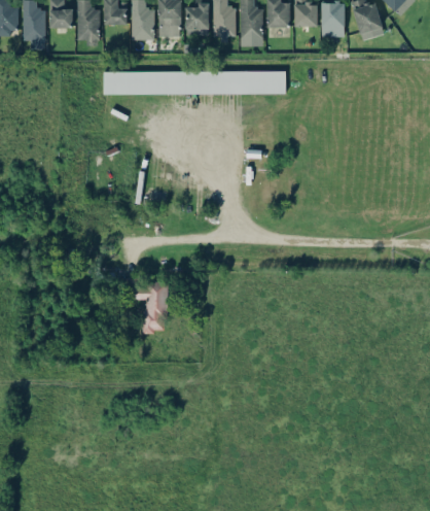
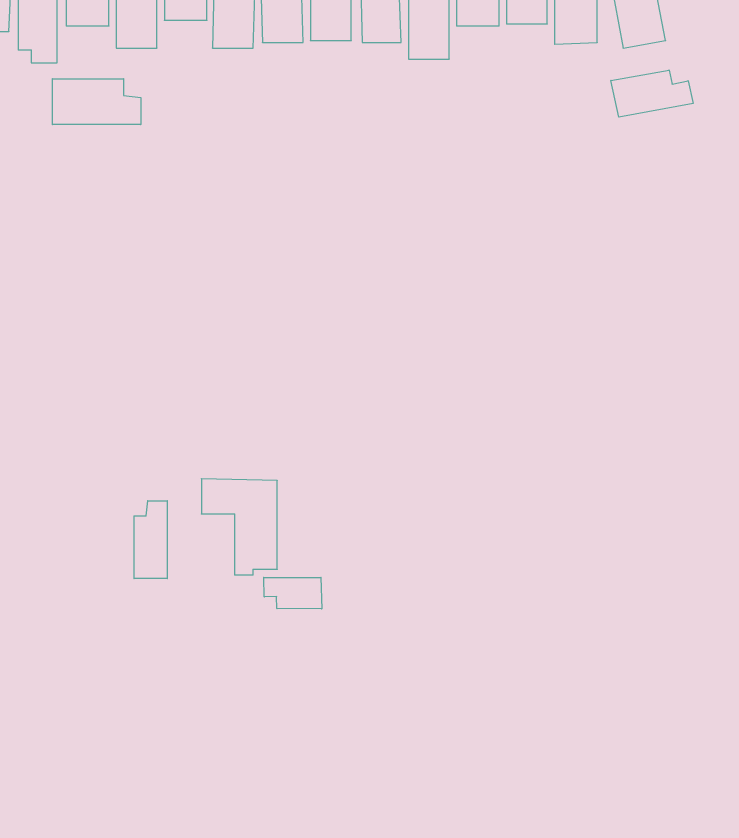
building: none -> [611,70,693,117]
building: none -> [52,79,141,125]
building: [103,71,285,95] -> none
building: none -> [134,501,167,579]
building: none -> [264,577,322,609]

